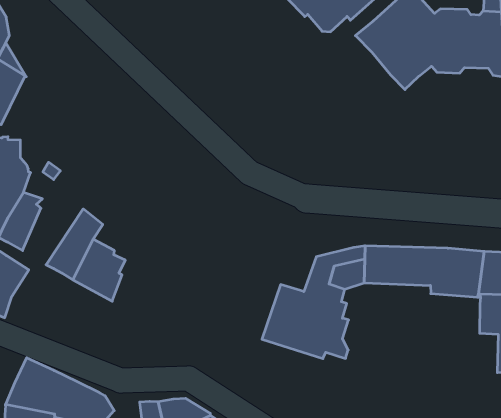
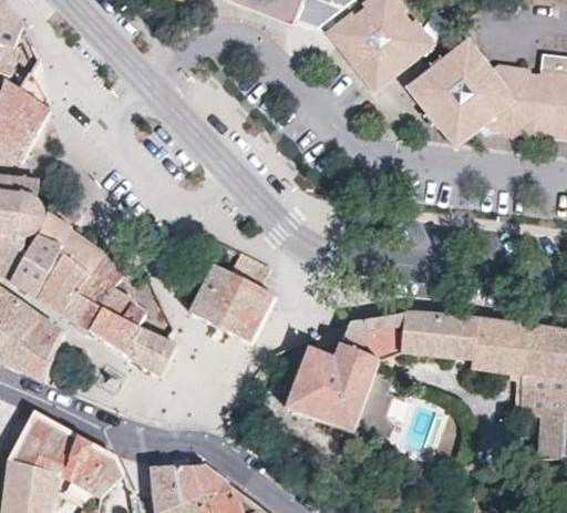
building: none -> [34,214,102,314]
building: none -> [188,252,276,345]
building: none -> [11,318,59,380]
building: none -> [127,329,175,378]

